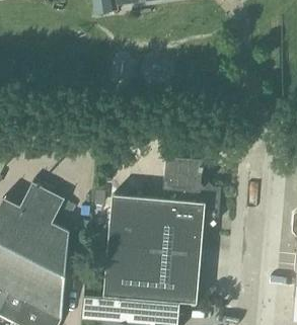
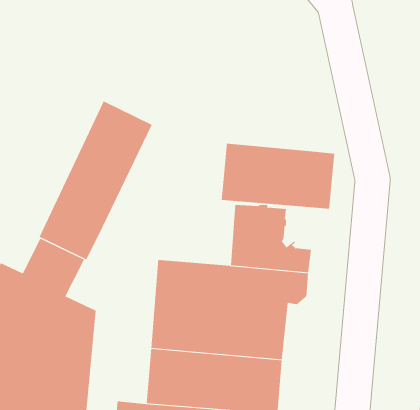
building: none -> [39,101,153,260]
building: none -> [221,143,335,209]

